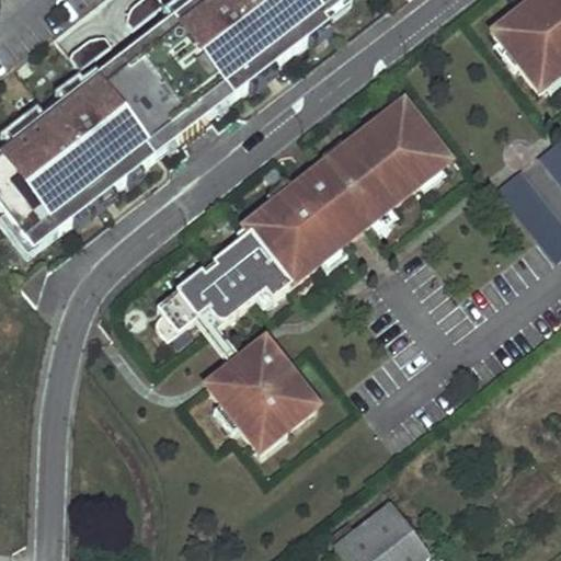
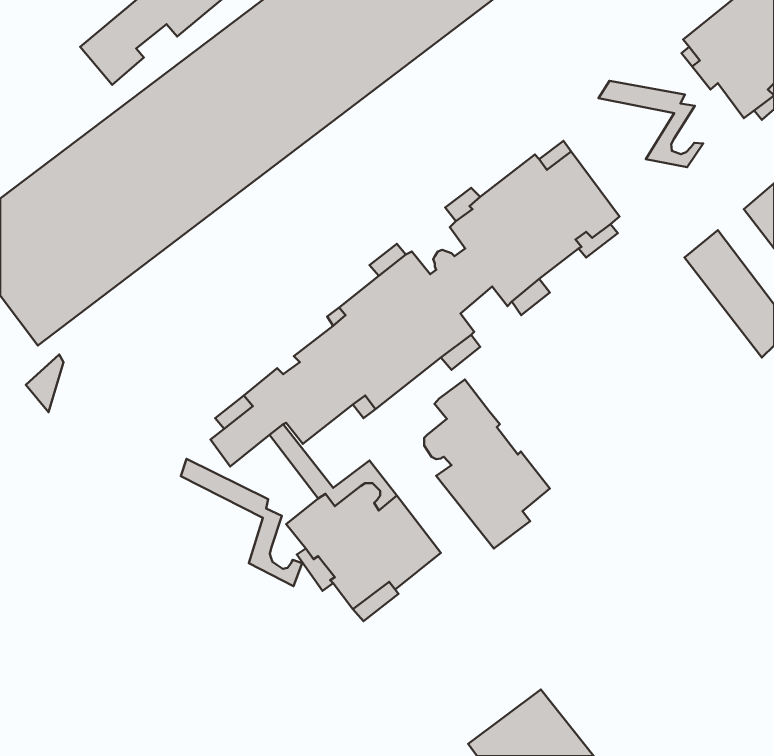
building: none -> [598,81,703,167]
building: none -> [424,379,550,548]
building: none -> [181,459,302,586]

